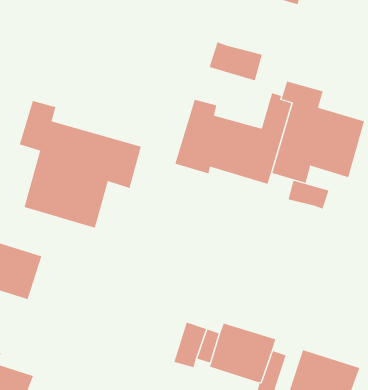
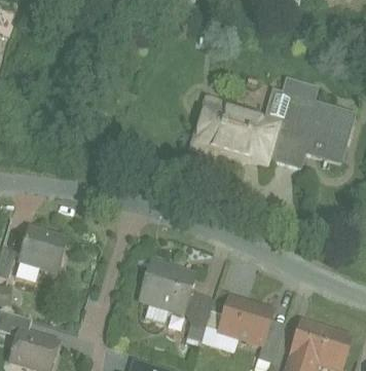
building: [209,41,263,81] -> none
building: [19,100,142,229] -> none
building: [288,180,329,209] -> none
building: none -> [137,253,199,313]

